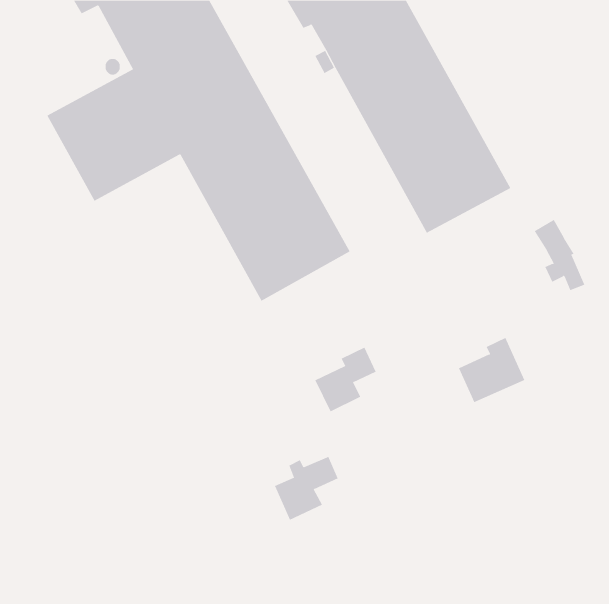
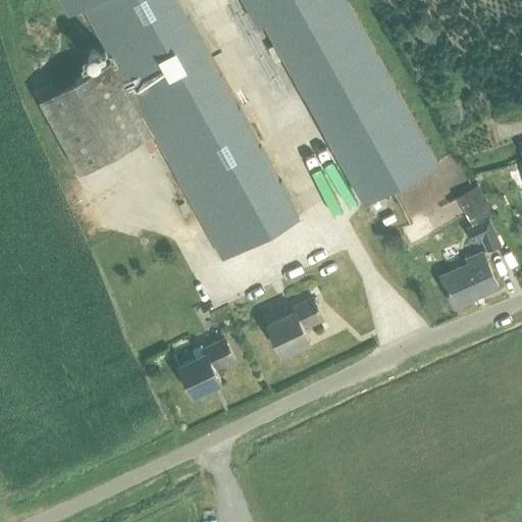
building: [458,337,525,403] -> [441,254,499,310]
building: [274,456,338,520] -> [180,344,236,399]

